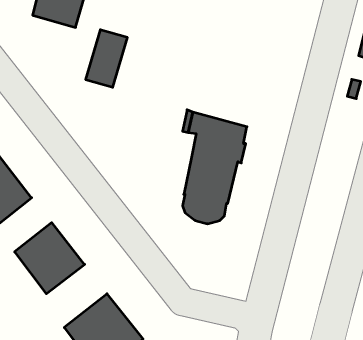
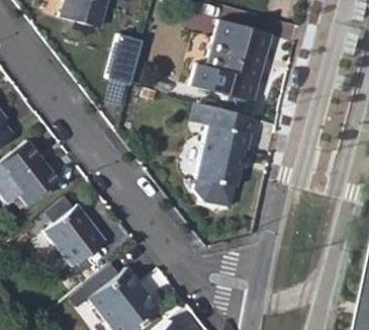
building: none -> [190,19,271,103]

